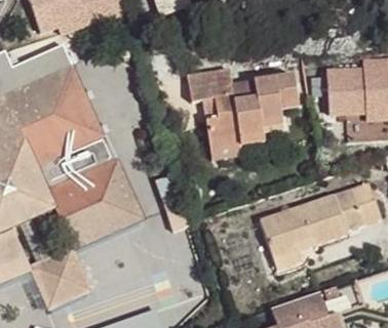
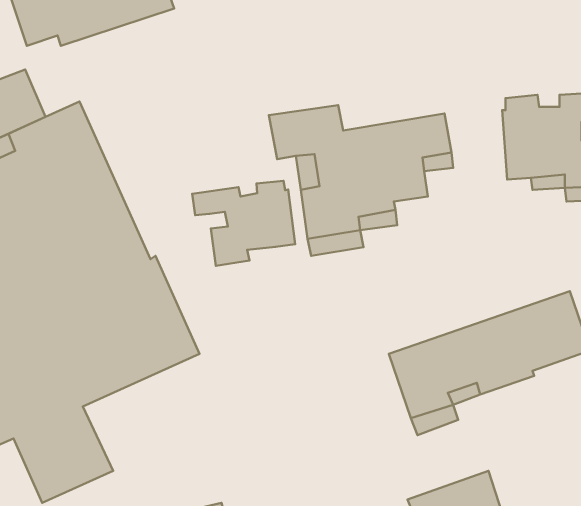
building: none -> [192,181,295,266]

